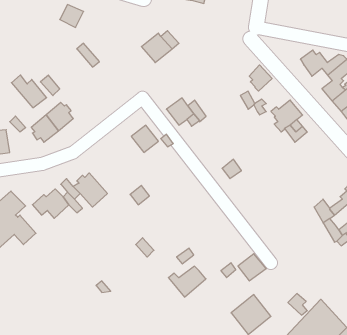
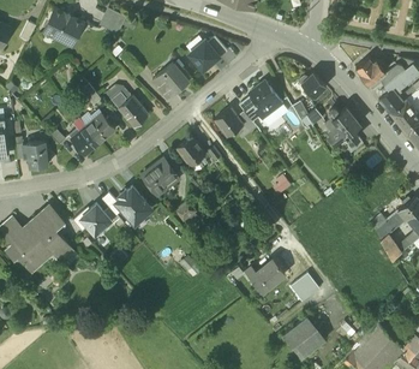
building: none -> [43,10,83,41]
building: none -> [155,64,191,99]
building: none -> [249,81,282,119]
building: [11,75,47,108] -> [110,91,148,126]
building: none -> [142,159,179,195]
building: [168,266,206,297] -> [245,260,285,292]

